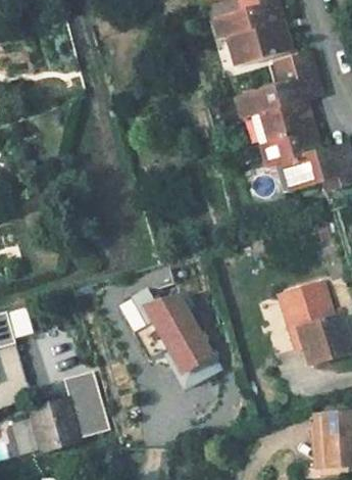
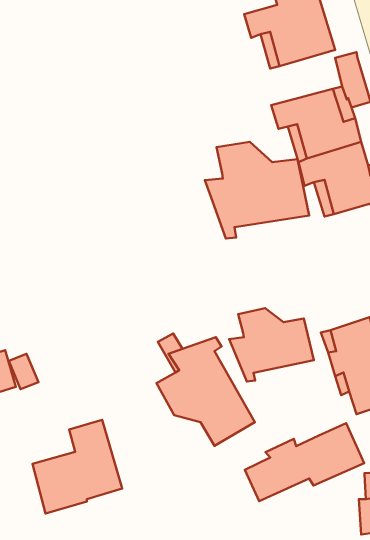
building: none -> [205,142,309,238]
building: none -> [229,308,314,382]
building: none -> [245,423,364,501]

